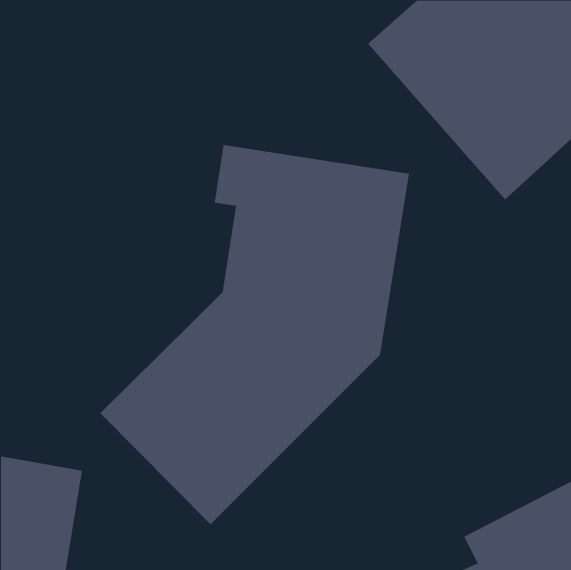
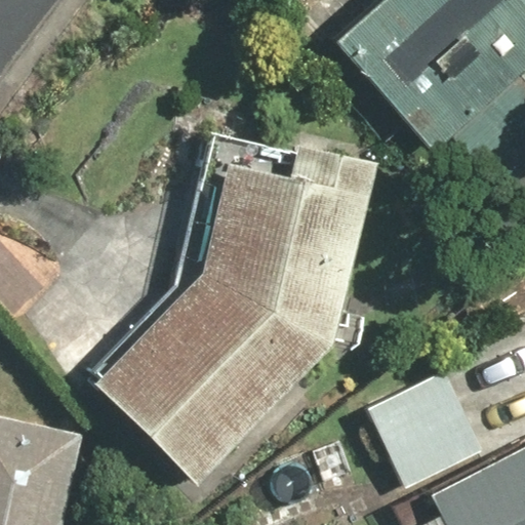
building: none -> [367,370,482,485]

